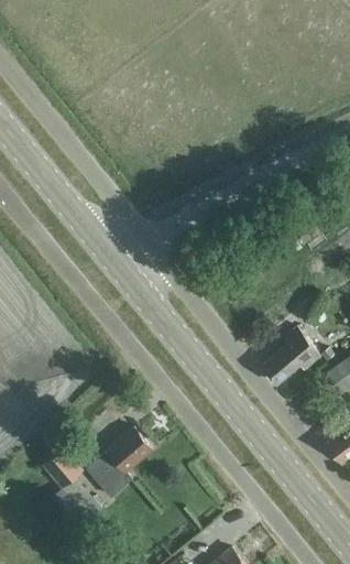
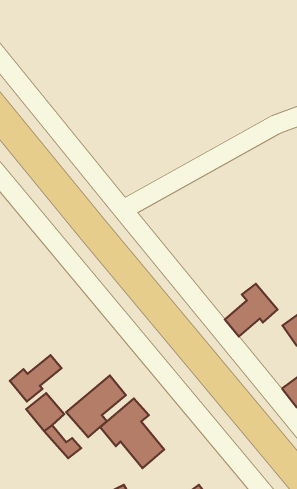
building: none -> [10,355,62,401]
building: none -> [100,399,164,468]

